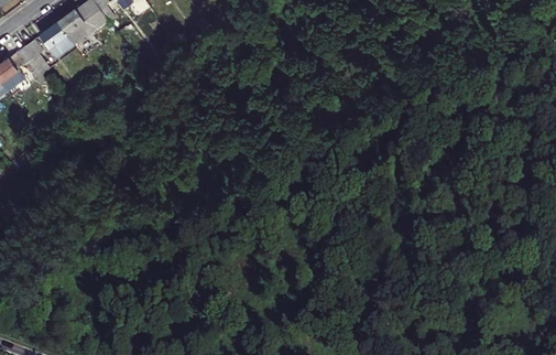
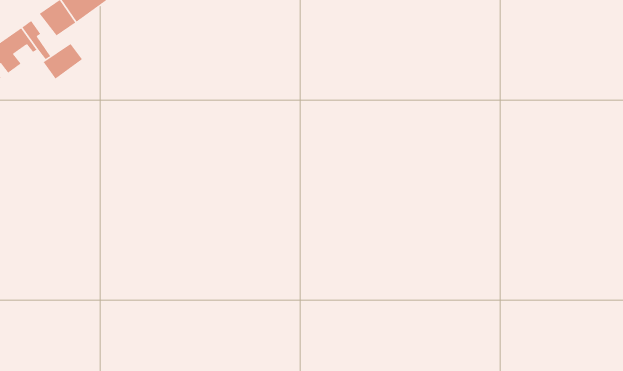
building: none -> [43,43,83,80]

